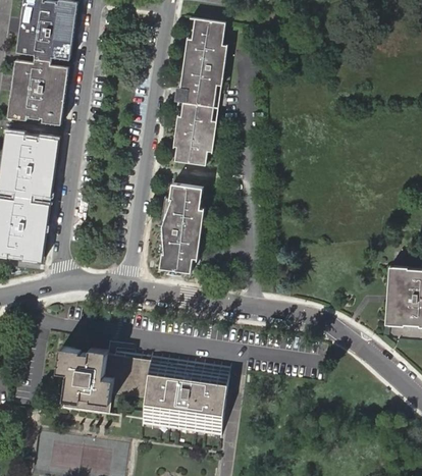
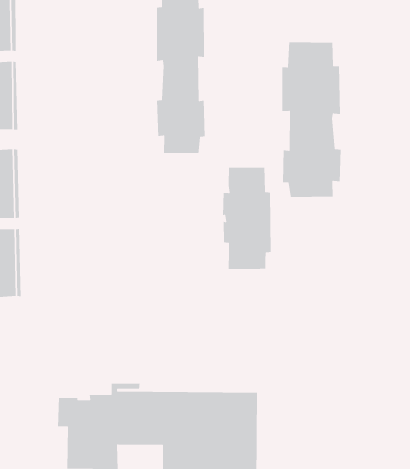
building: none -> [281,42,341,198]
building: [161,181,206,270] -> [222,167,271,270]

